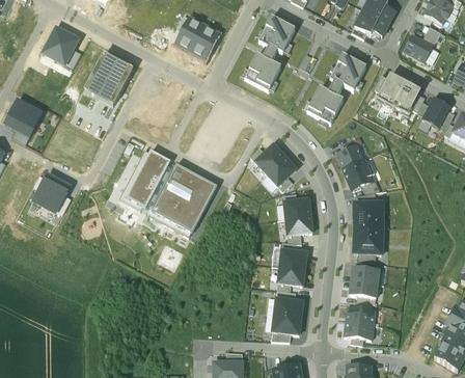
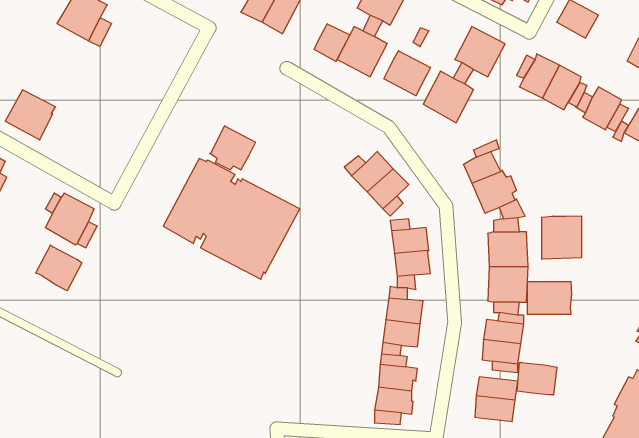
building: [85,51,133,104] -> none
building: none -> [314,24,350,62]
building: none -> [384,51,431,96]
building: none -> [210,126,255,170]
building: none -> [542,216,581,259]
building: none -> [36,245,82,291]
building: none -> [527,281,571,315]
building: none -> [517,362,557,395]

